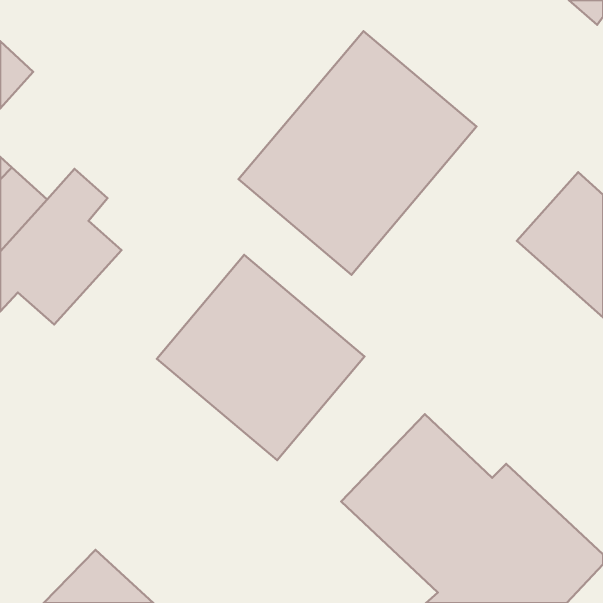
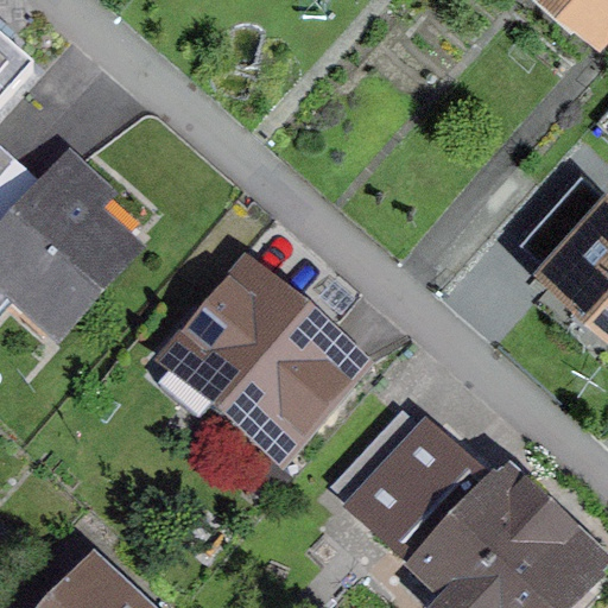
building: [239,31,476,275] -> none

